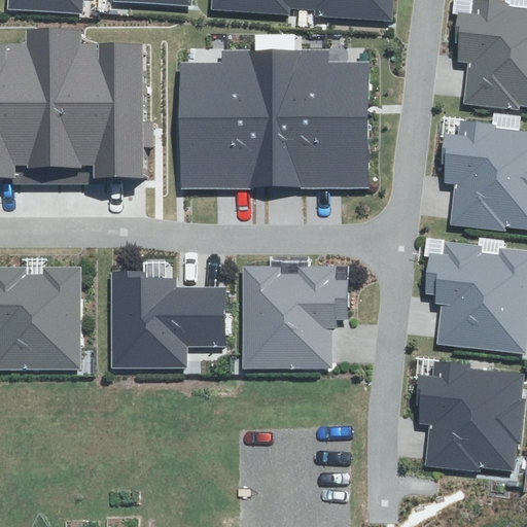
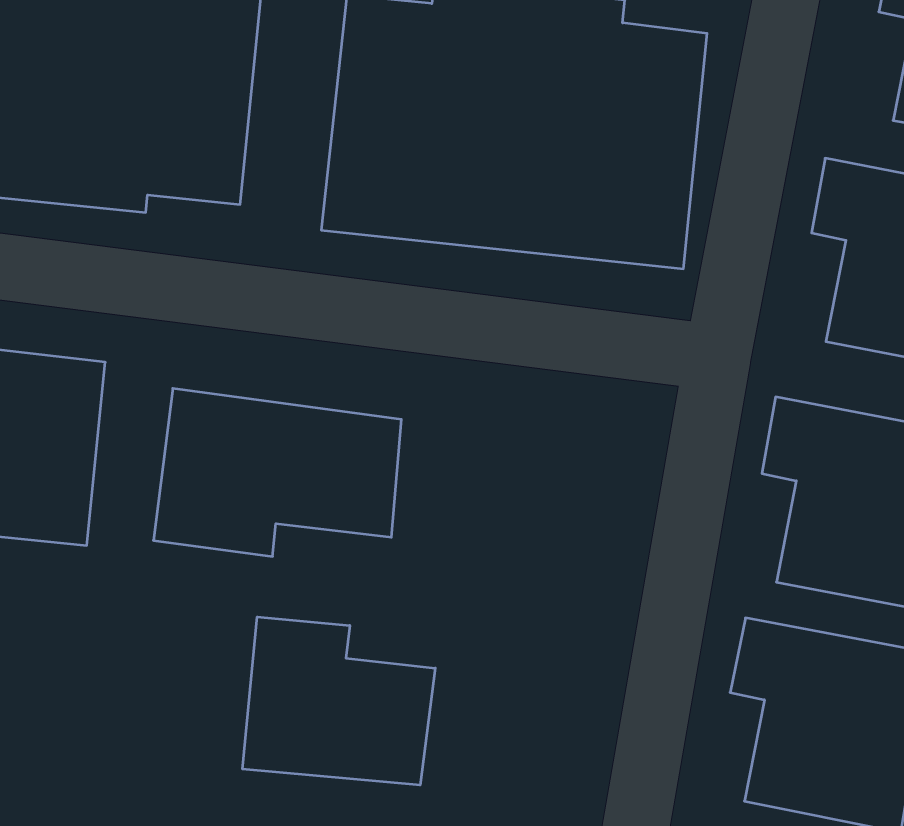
building: [235,269,329,375] -> none
building: none -> [243,617,435,785]

